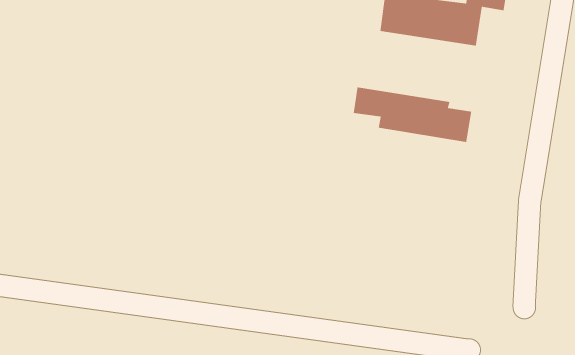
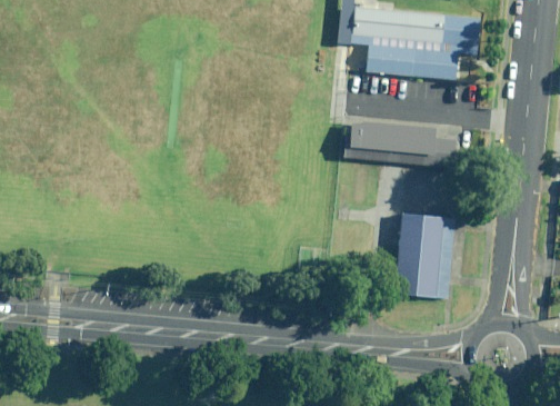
building: none -> [397,214,454,297]

